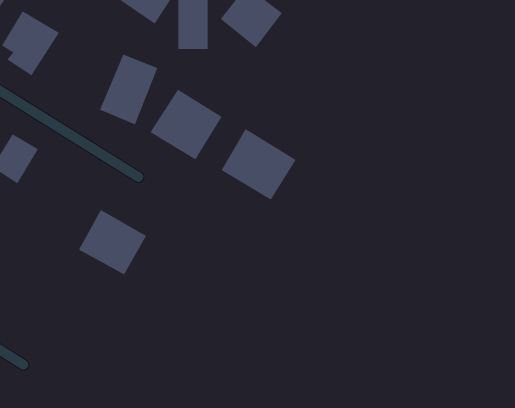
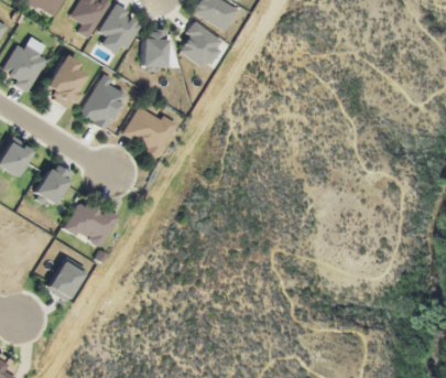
building: none -> [47,53,87,109]
building: [221,128,296,200] -> none
building: none -> [32,160,74,207]
building: none -> [45,259,84,300]

